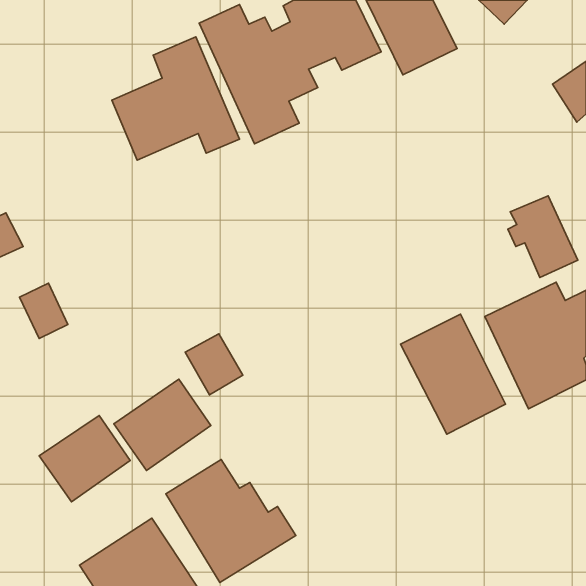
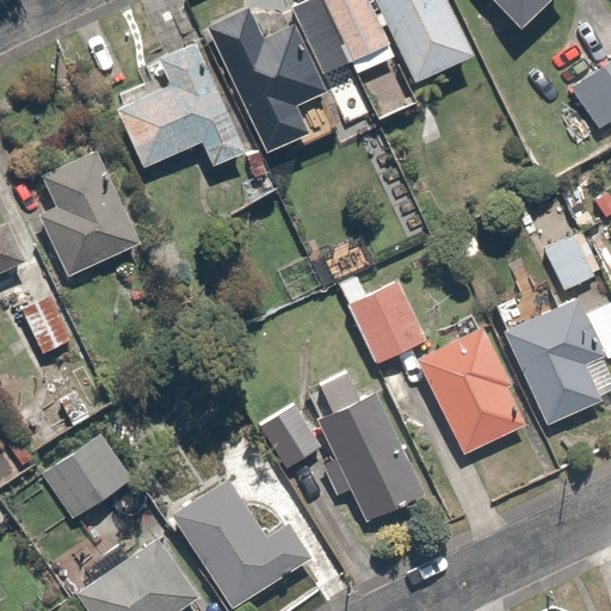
building: none -> [38,152,144,279]
building: none -> [344,276,426,362]
building: [185,334,243,395] -> [259,403,319,467]
building: none -> [315,370,427,524]
building: [114,379,211,470] -> none

